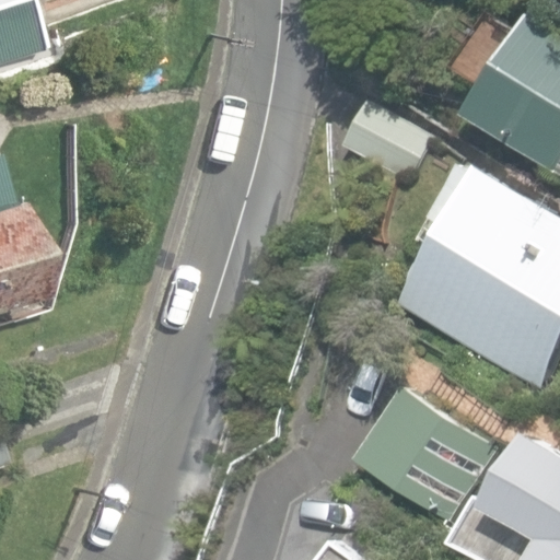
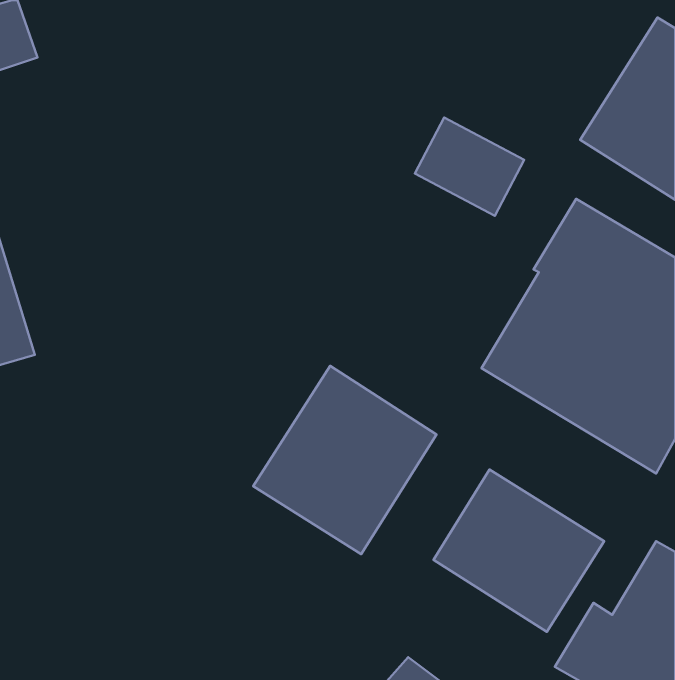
building: none -> [253,366,436,554]

